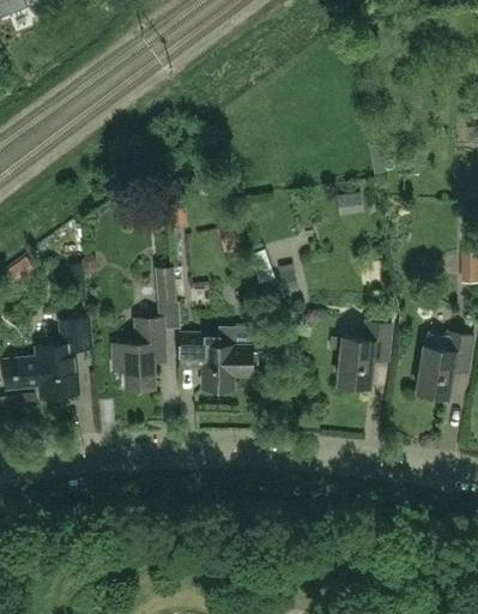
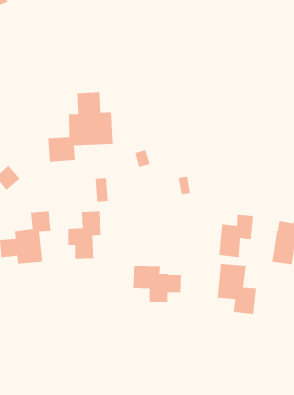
building: none -> [48,91,113,162]
building: [179,333,252,389] -> [133,266,182,303]
building: none -> [217,263,256,315]

